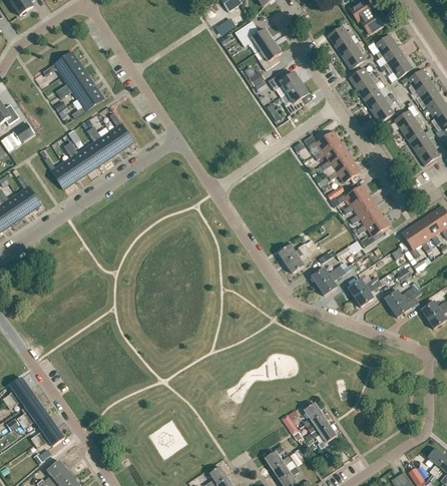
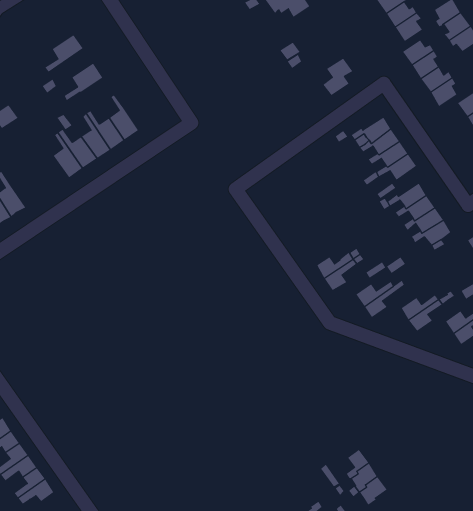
building: [260,40,282,70] -> none
building: [43,51,80,75] -> none
building: [269,70,301,91] -> none
building: [59,74,96,98] -> none
building: [44,156,76,188] -> none

